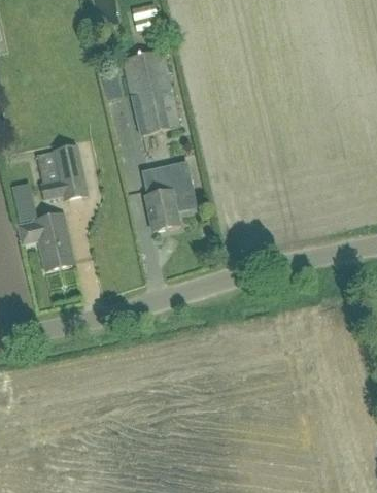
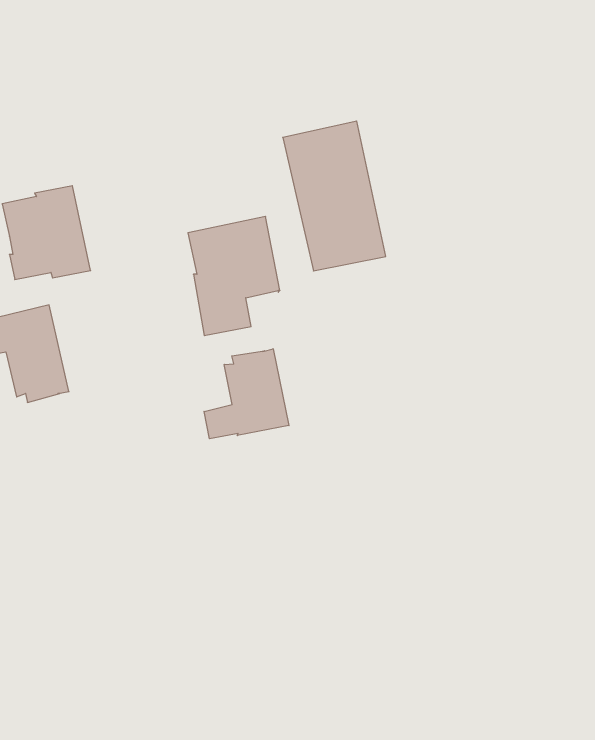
building: [122,47,180,133] -> [283,121,386,271]
building: none -> [204,349,289,439]

